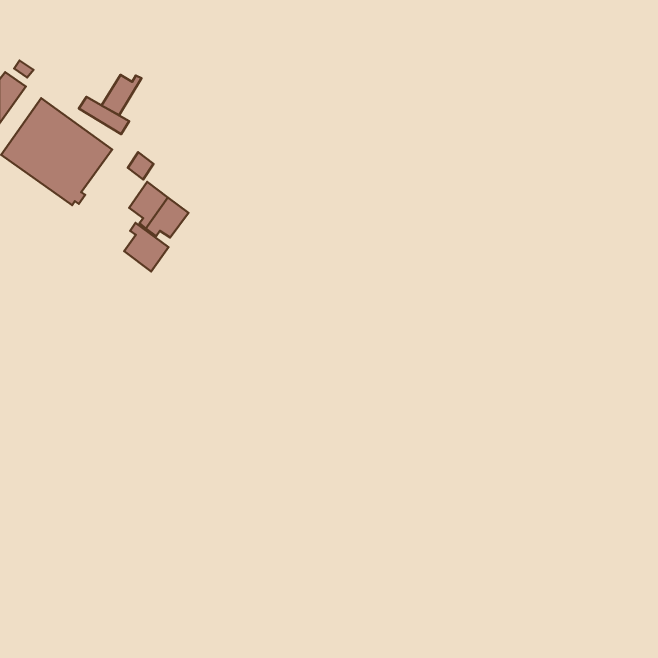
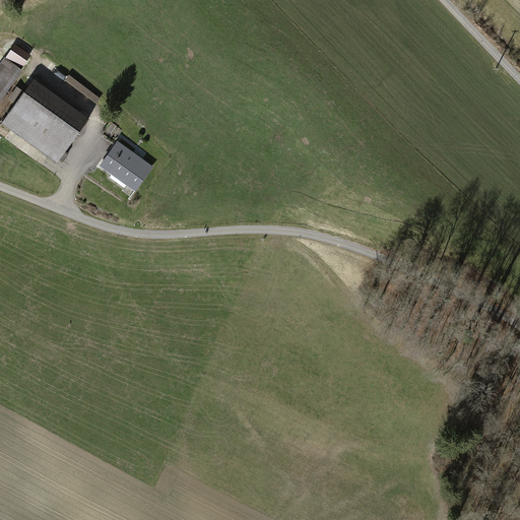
building: [102,75,142,115] -> none
building: [124,223,168,272] -> none

